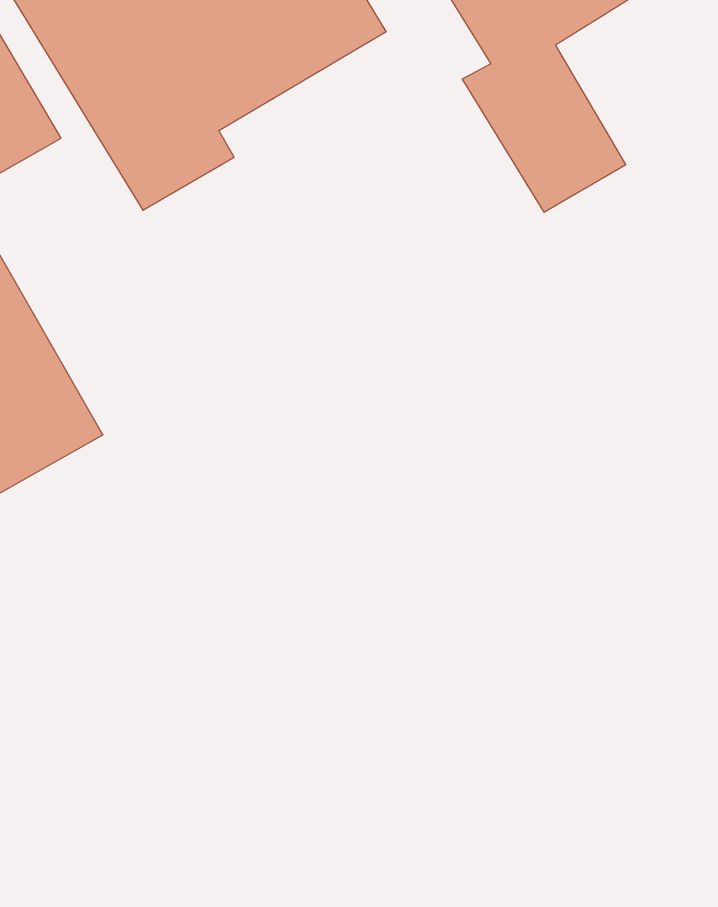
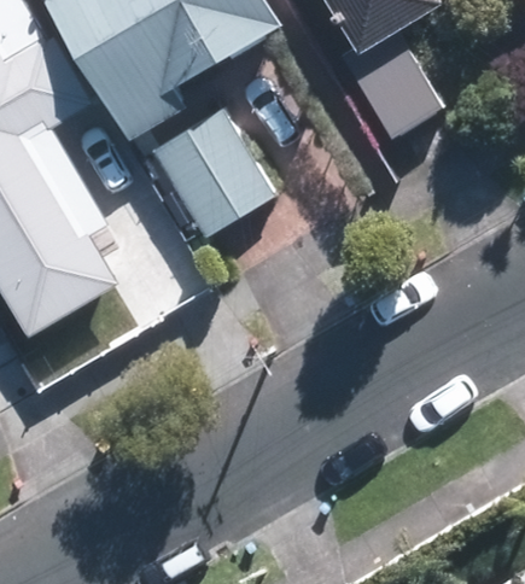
building: none -> [152,105,274,238]

